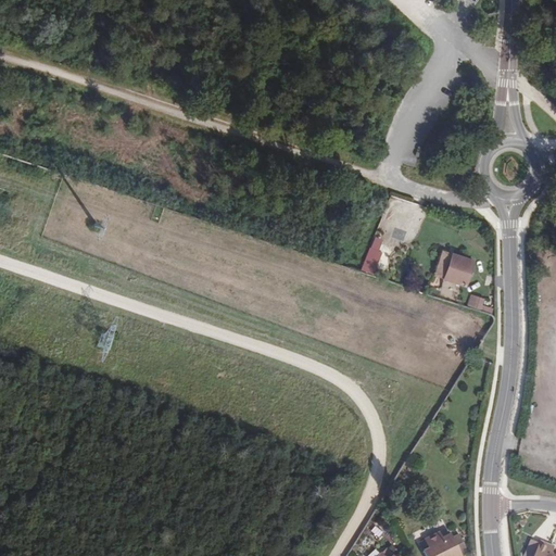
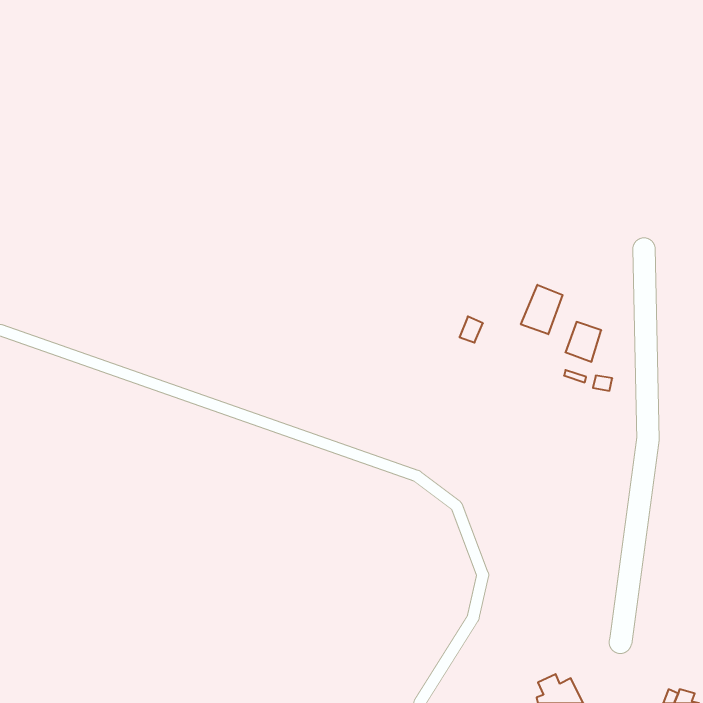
building: none -> [521,285,563,334]

